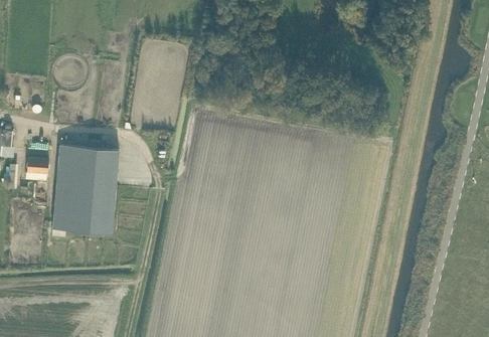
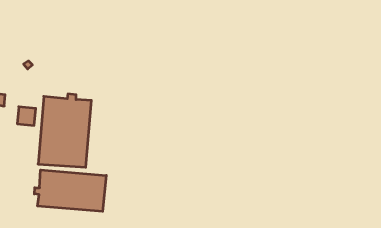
building: none -> [34,170,106,211]

